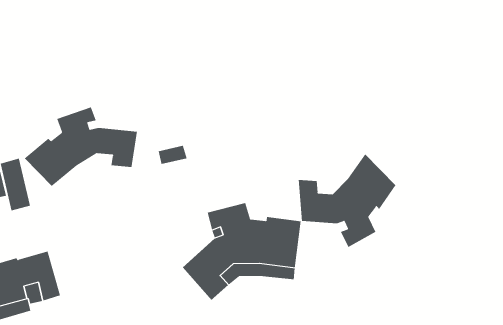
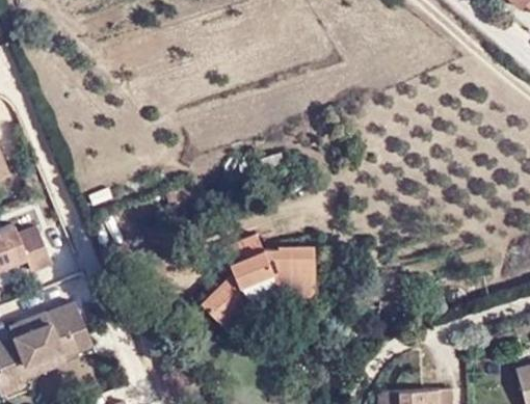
building: [24,106,137,187] -> none
building: [298,153,396,248] -> none

